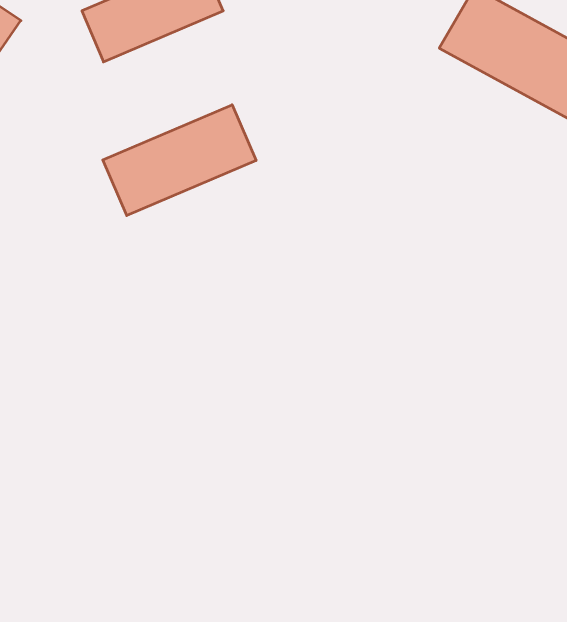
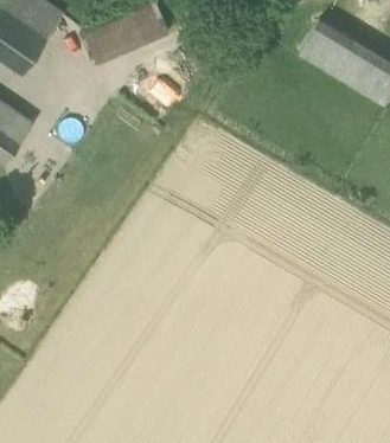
building: [103,105,256,216] -> none

